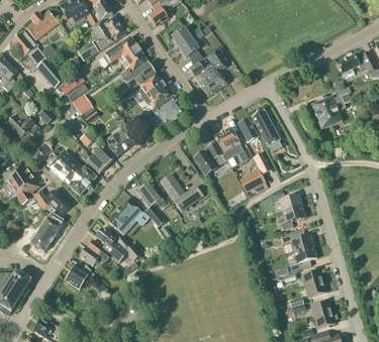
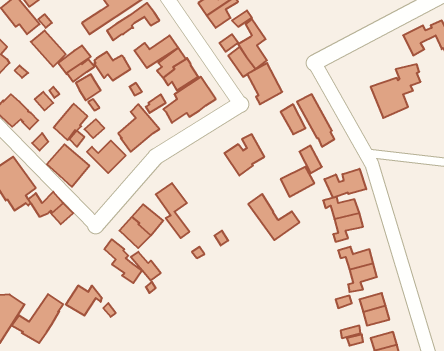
building: [118,47,148,71] -> [94,52,130,81]
building: [215,127,244,160] -> [247,63,282,104]
building: [69,166,96,196] -> [54,104,87,140]
building: none -> [324,169,366,198]
building: [161,174,202,211] -> [248,194,299,240]
building: [22,212,64,251] -> [12,294,63,343]
building: [80,239,111,265] -> none

